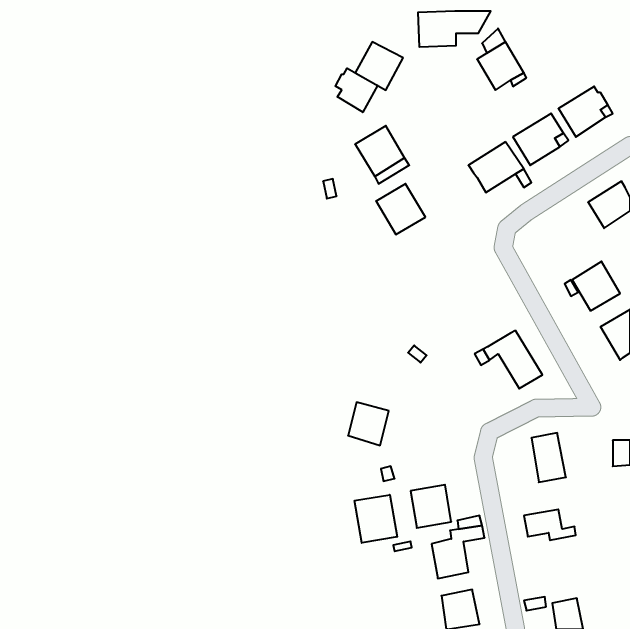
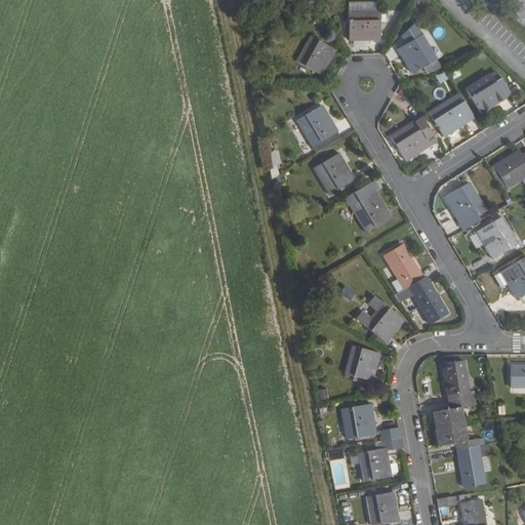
building: [335,68,378,112] -> none
building: none -> [344,180,388,233]
building: none -> [443,181,485,224]
building: none -> [387,244,425,288]
building: none -> [355,297,403,342]
building: [348,402,389,445] -> [346,346,379,381]
building: none -> [433,397,472,429]
building: [355,495,397,543] -> none
building: none -> [457,445,486,488]

